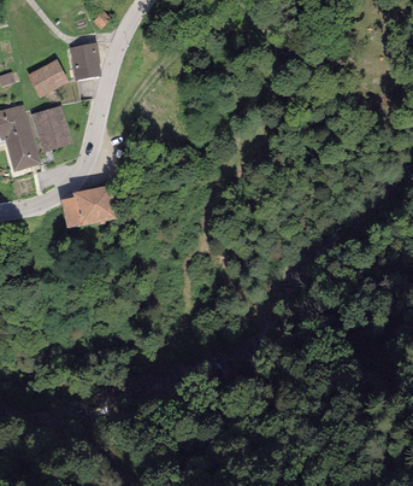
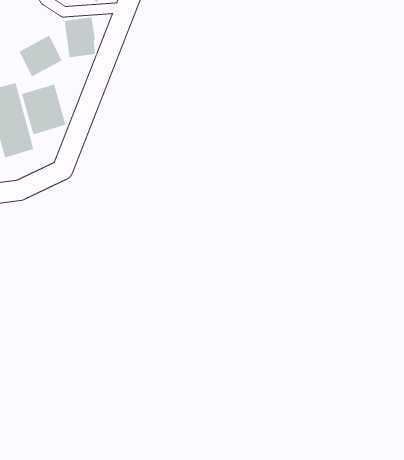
building: [60,185,118,230] -> none

